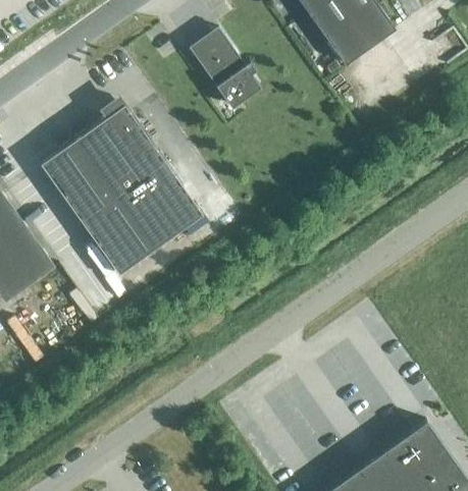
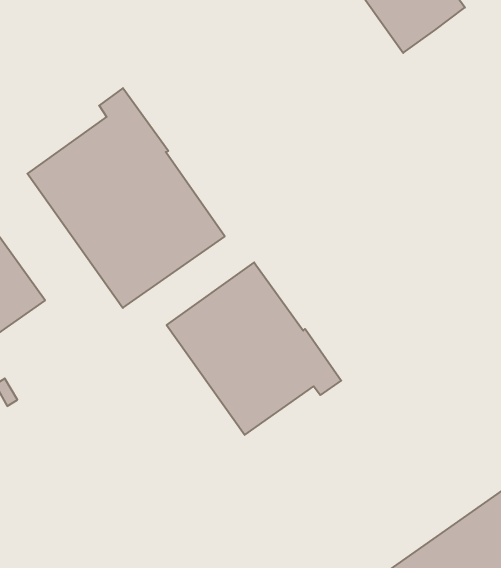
building: [191,31,260,108] -> none
building: none -> [167,262,341,435]

